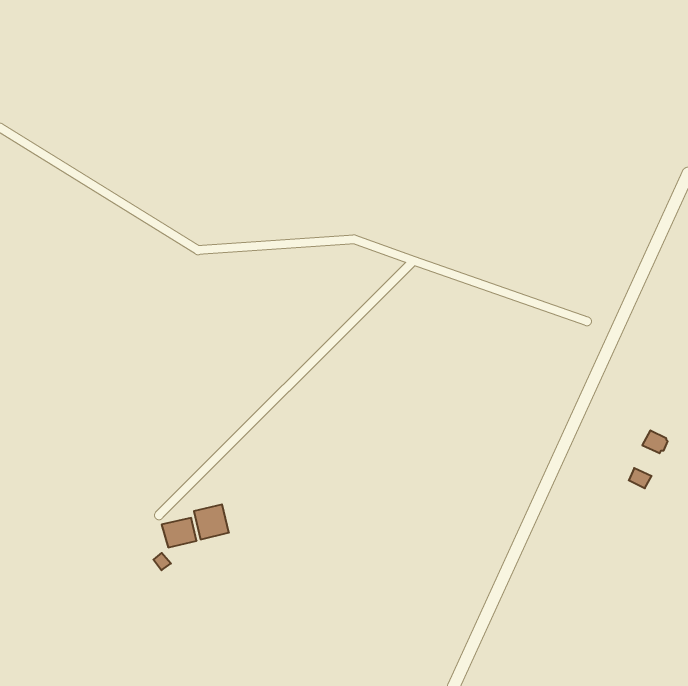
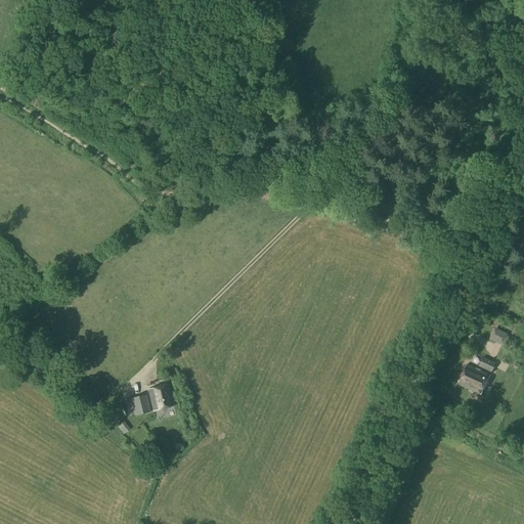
building: none -> [457,363,490,394]

